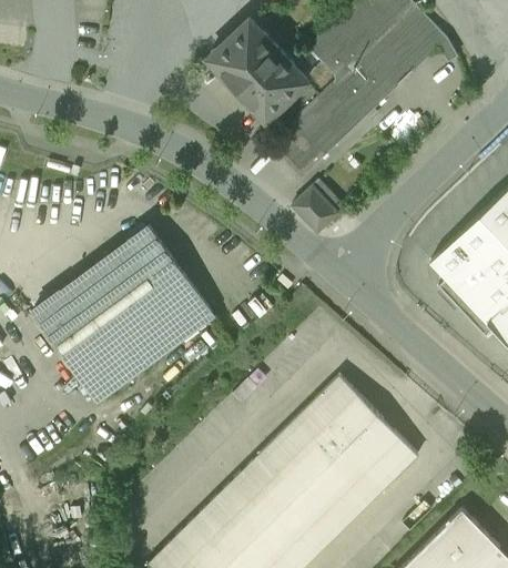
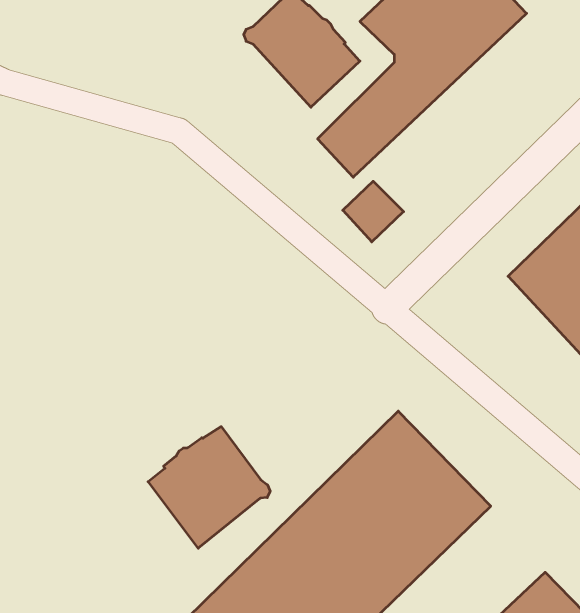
building: [32,227,214,403] -> none
building: none -> [148,427,270,548]

